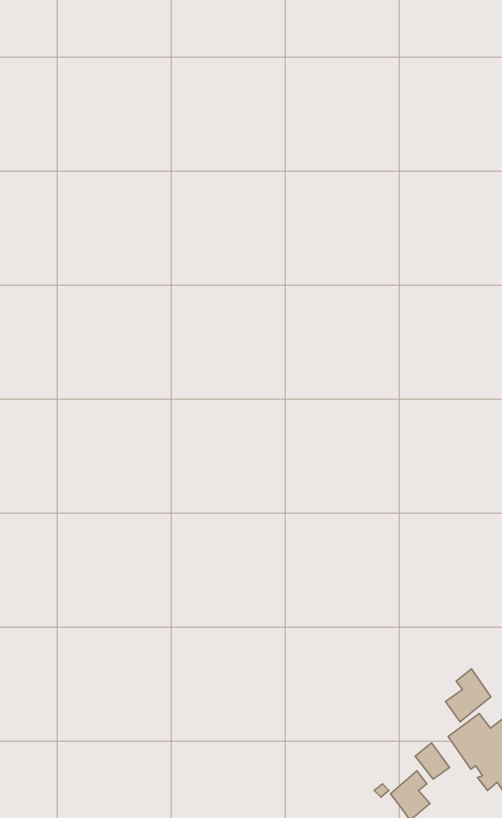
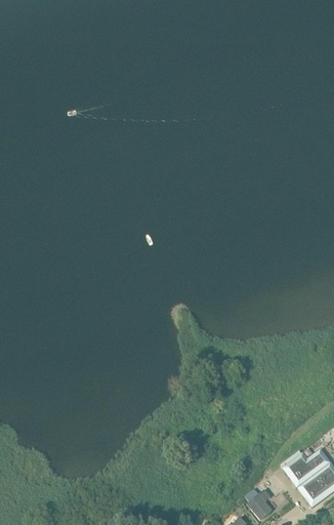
building: [445,669,491,722] -> none

